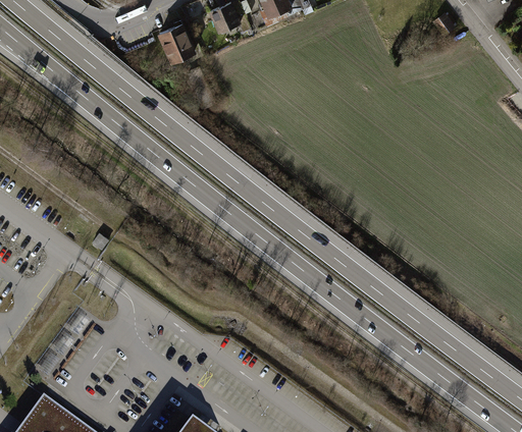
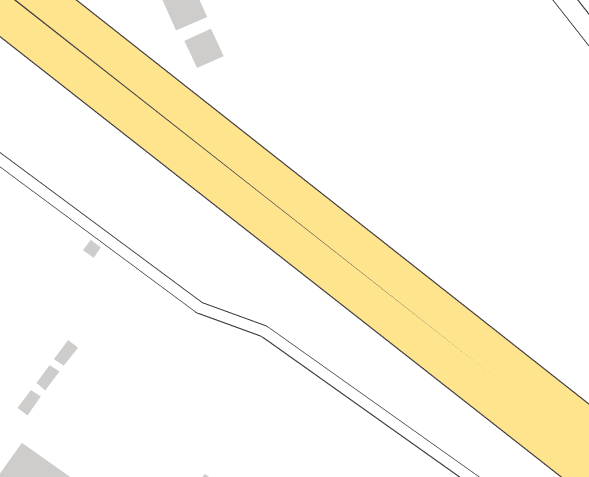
building: none -> [184,28,225,69]

